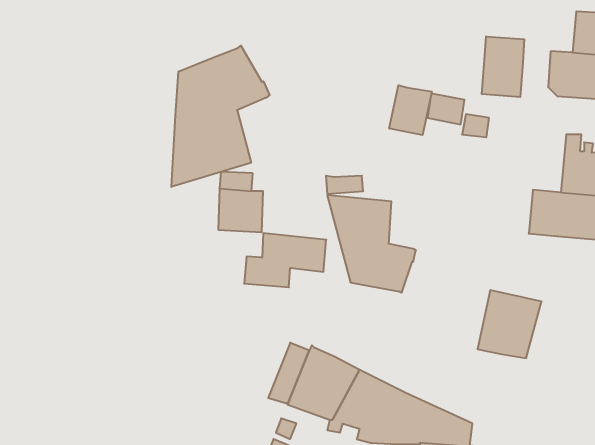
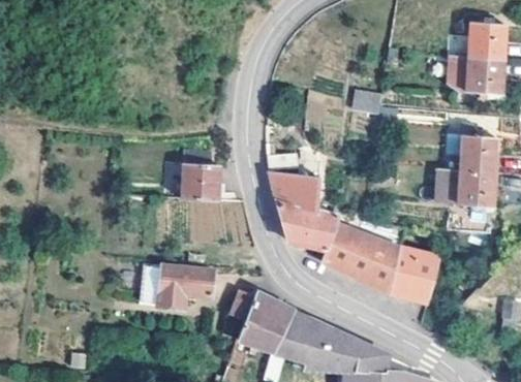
building: [482,36,524,97] -> none
building: [171,46,270,187] -> none
building: [389,85,432,135] -> none
building: [244,233,326,287] -> [149,265,215,309]
building: none -> [324,218,405,294]

